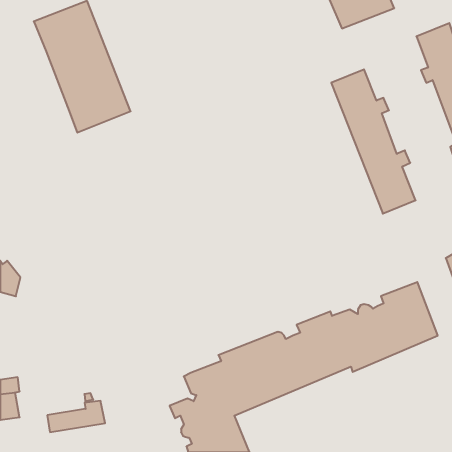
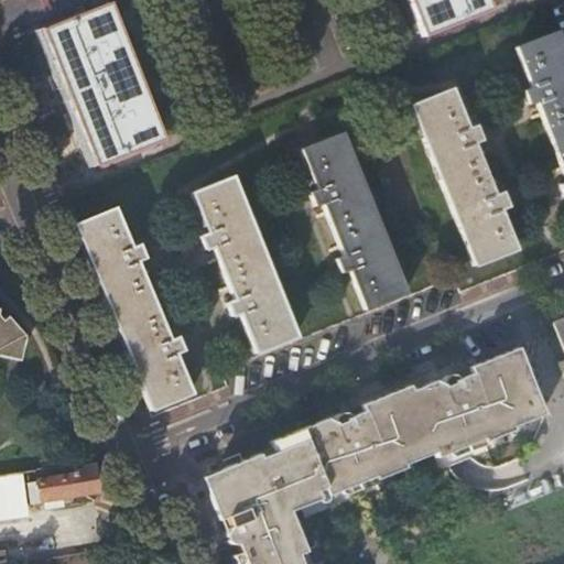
building: none -> [304,131,408,307]
building: none -> [194,174,297,351]
building: none -> [76,206,193,408]
building: [47,401,105,432] -> [30,462,101,500]

